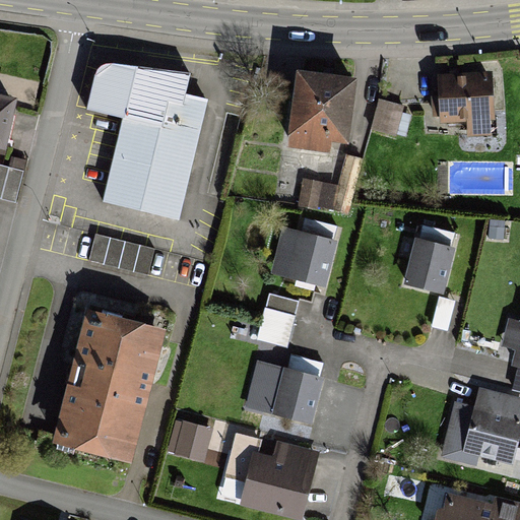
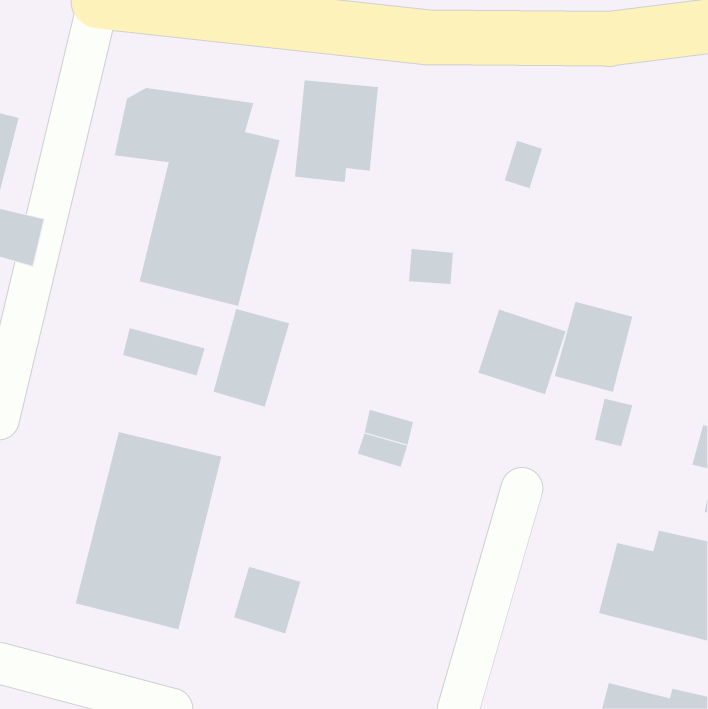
building: [287,75,349,150] -> [294,80,379,182]
building: [435,75,491,124] -> none
building: [282,217,347,280] -> [478,309,566,395]
building: none -> [213,308,290,408]
building: [244,350,325,425] -> none
building: [224,424,326,513] -> none

